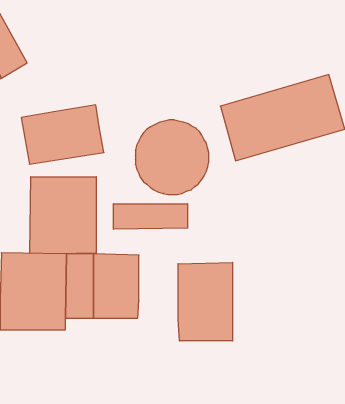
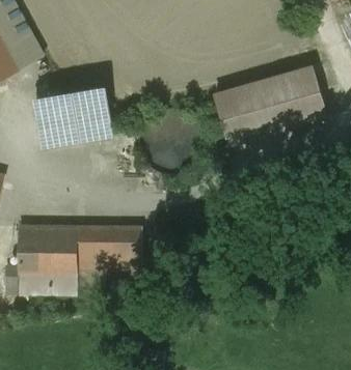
building: [30,177,96,254] -> none
building: [113,204,188,229] -> none
building: [178,262,233,341] -> none

